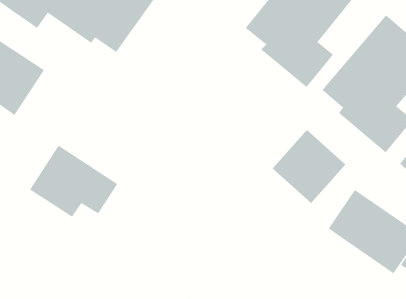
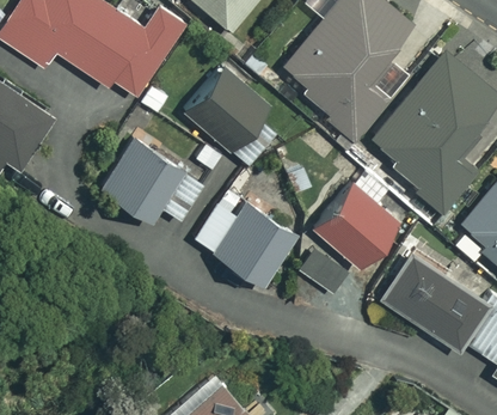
building: none -> [183,69,276,165]
building: none -> [195,189,299,288]
building: [29,145,118,217] -> [102,140,204,224]

